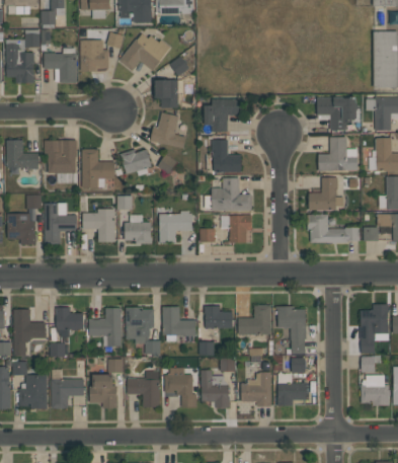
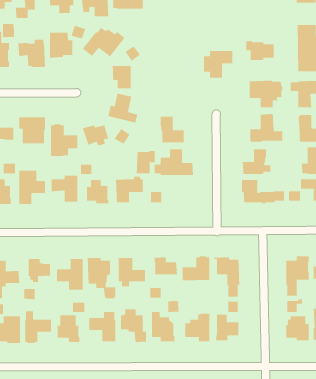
building: none -> [246,41,275,61]
building: [205,99,240,133] -> [203,50,233,79]
building: [229,215,252,243] -> [136,150,156,174]

